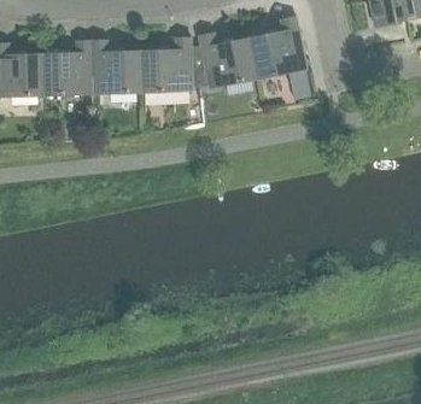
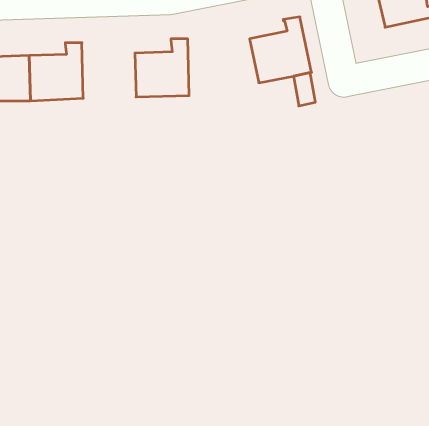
building: [198,33,257,88] -> none
building: [92,40,142,93] -> none

